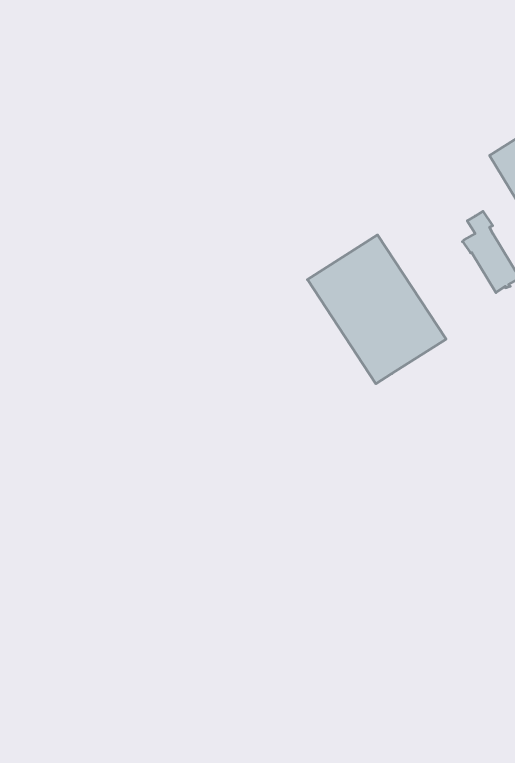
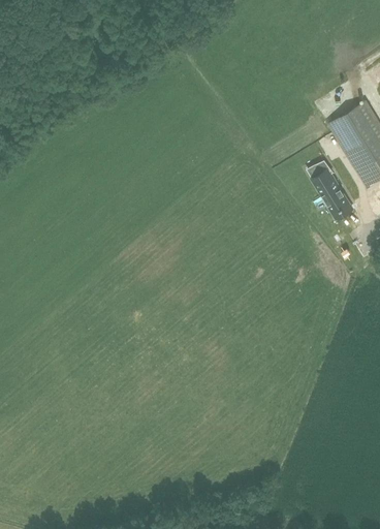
building: [307,235,446,384] -> none

